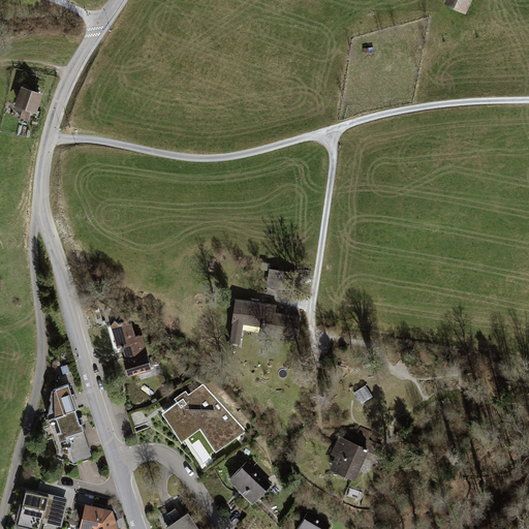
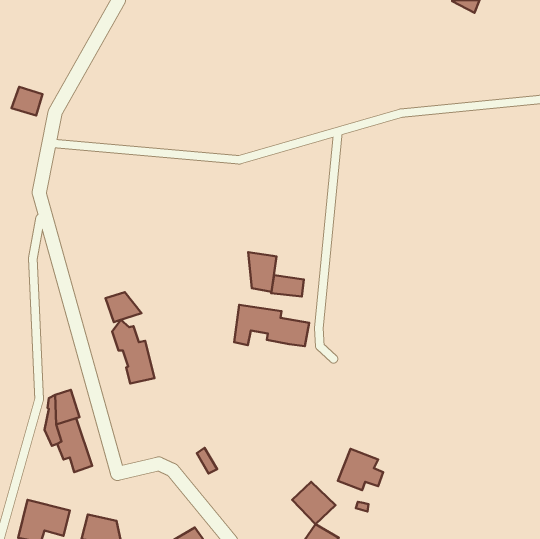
building: none -> [248,252,277,292]
building: none -> [106,292,141,322]
building: [161,387,245,454] -> none
building: [228,464,271,505] -> [292,482,336,524]

